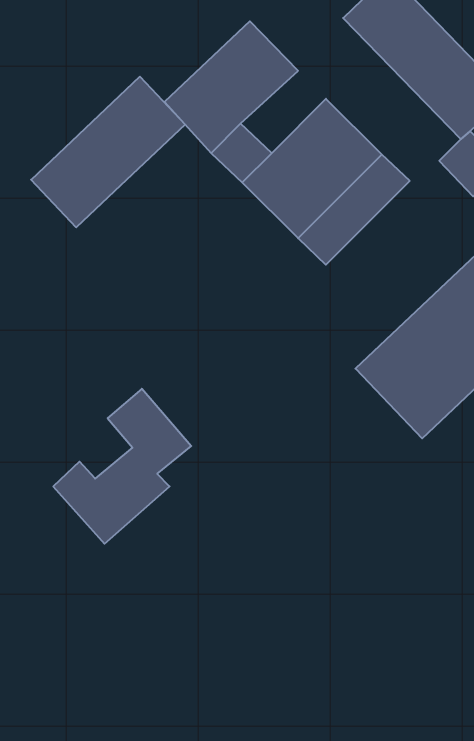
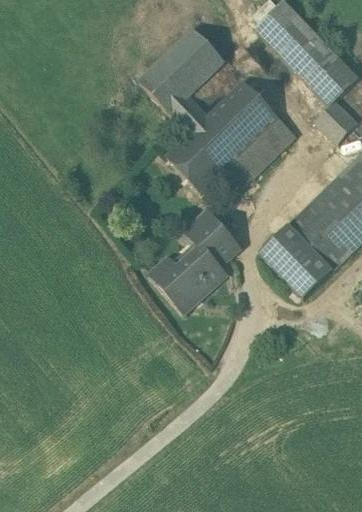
building: [31,77,185,227] -> none
building: none -> [166,133,224,191]
building: [53,389,191,544] -> [150,211,239,311]

